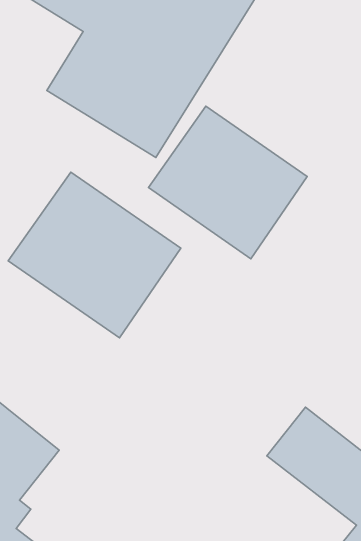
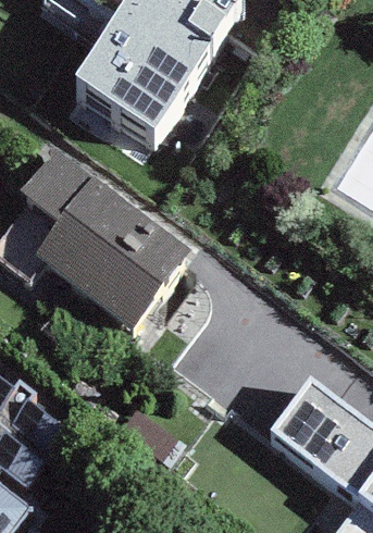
building: [148,106,307,259] -> none

